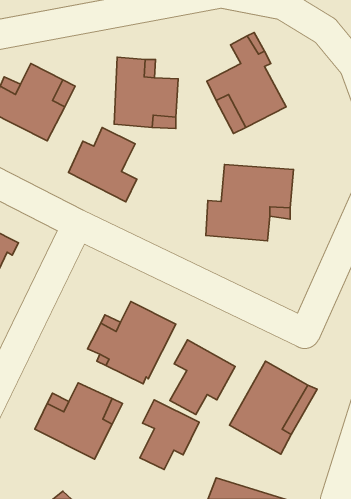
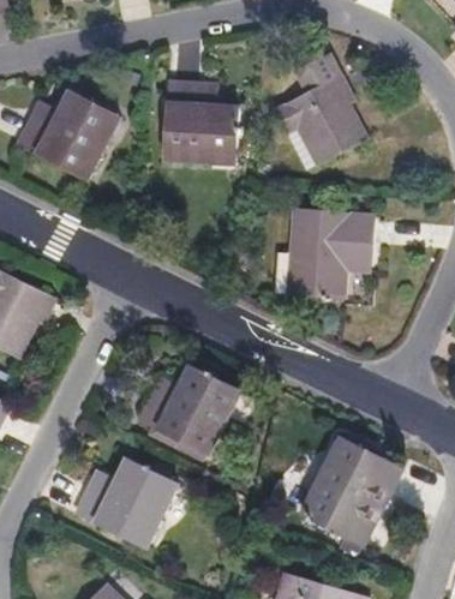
building: [68,128,137,202] -> none
building: [170,340,235,414] -> none
building: [140,400,199,470] -> none

